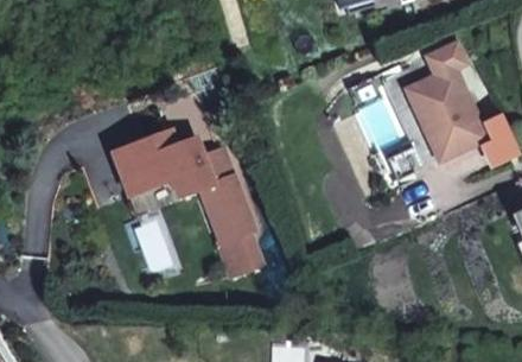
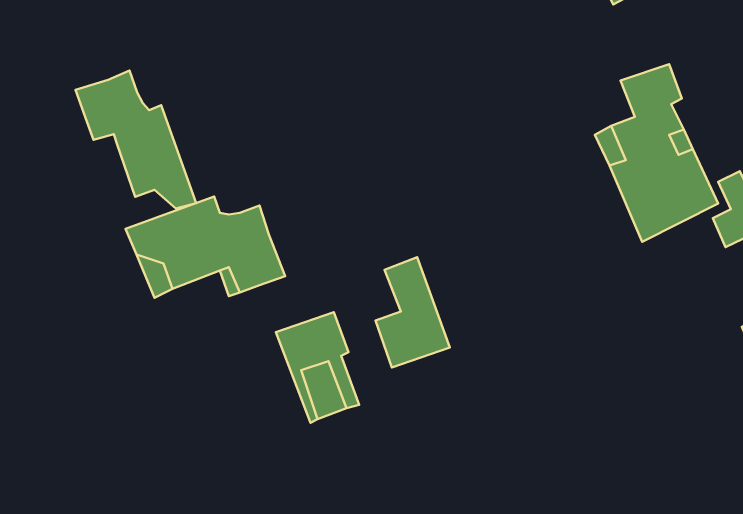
building: none -> [76,71,196,209]
building: [190,147,238,220] -> [376,257,450,368]

